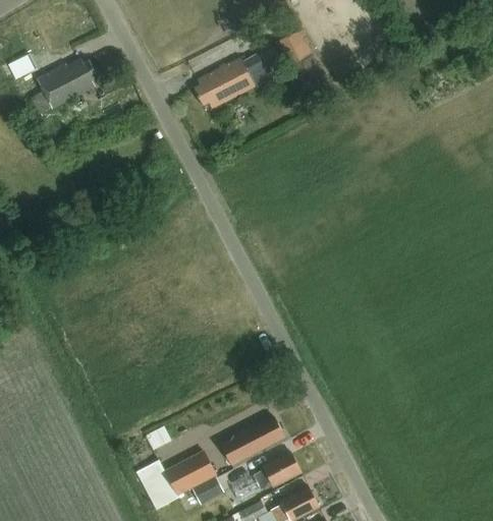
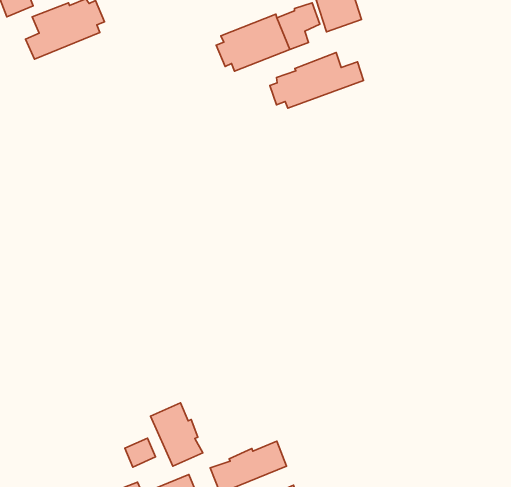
building: none -> [270,52,363,108]
building: none -> [150,403,203,466]

